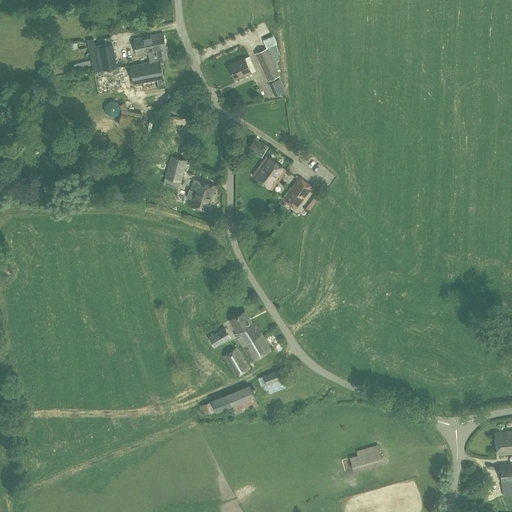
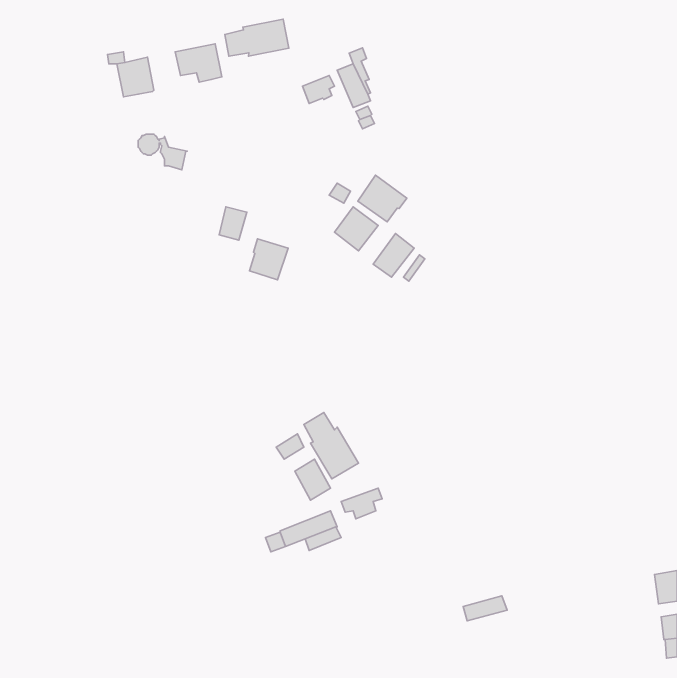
building: none -> [225,19,289,56]
building: [129,60,163,84] -> none
building: none -> [358,175,407,222]

